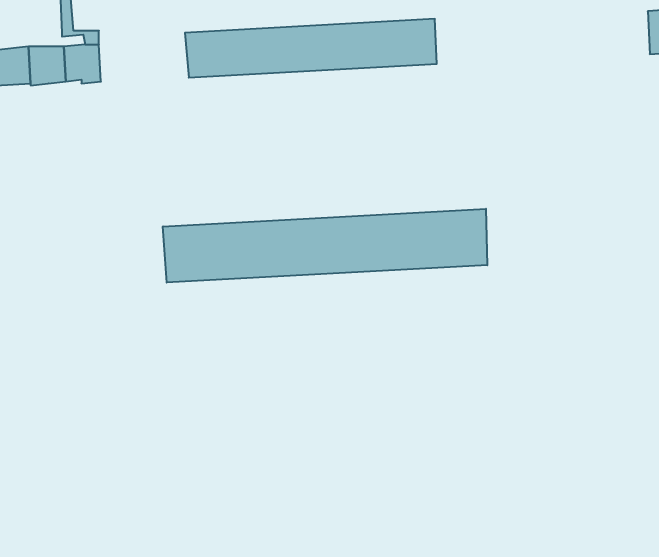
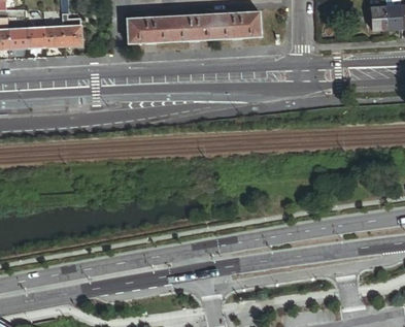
building: [163,209,487,283] -> none

